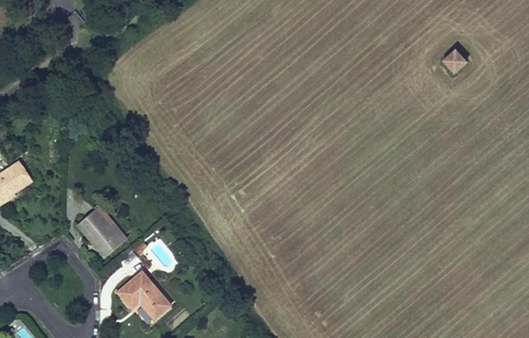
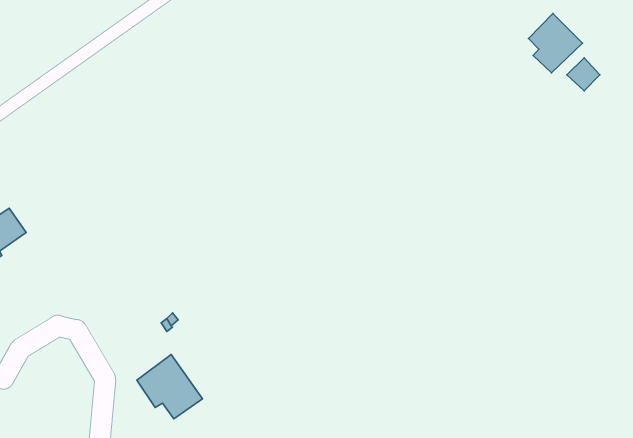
building: none -> [528,14,583,73]
building: [80,208,124,254] -> none

